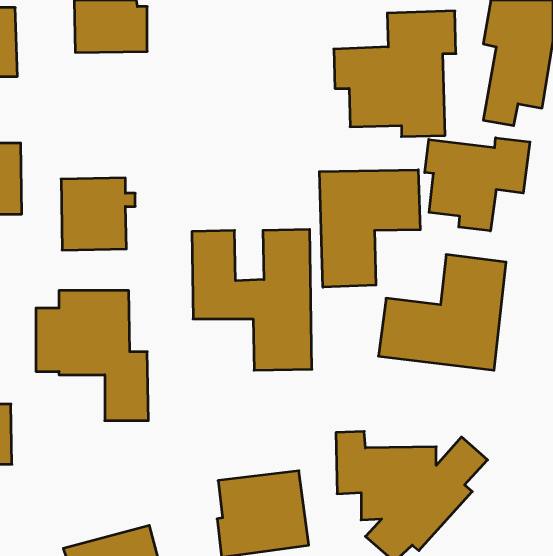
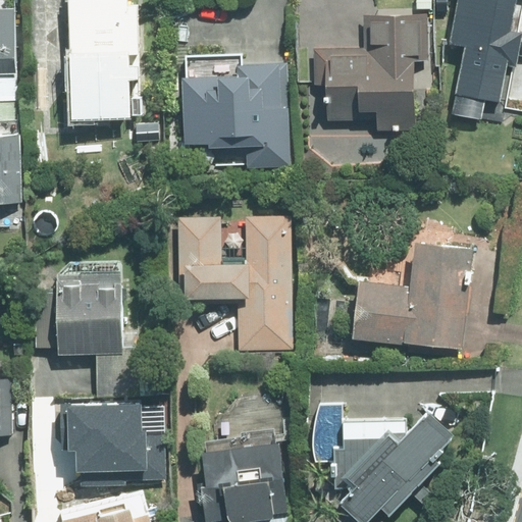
building: none -> [186,54,291,165]
building: [425,138,530,231] -> none
building: [319,170,420,287] -> none
building: [61,178,135,250] -> [70,52,140,119]
building: none -> [59,408,164,487]

